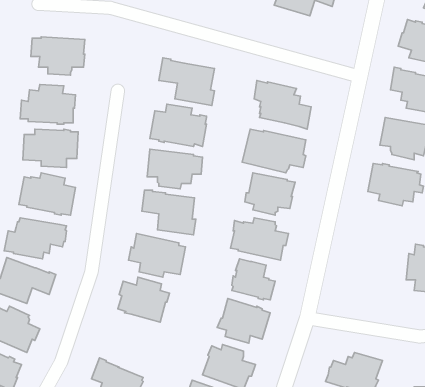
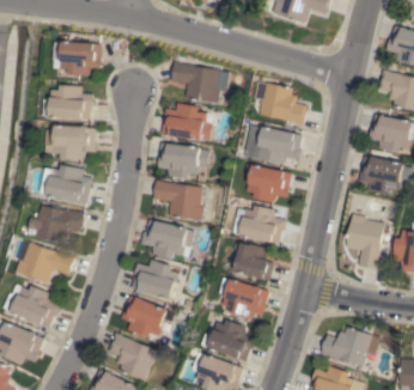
building: none -> [346,214,383,269]
building: none -> [121,295,172,339]

